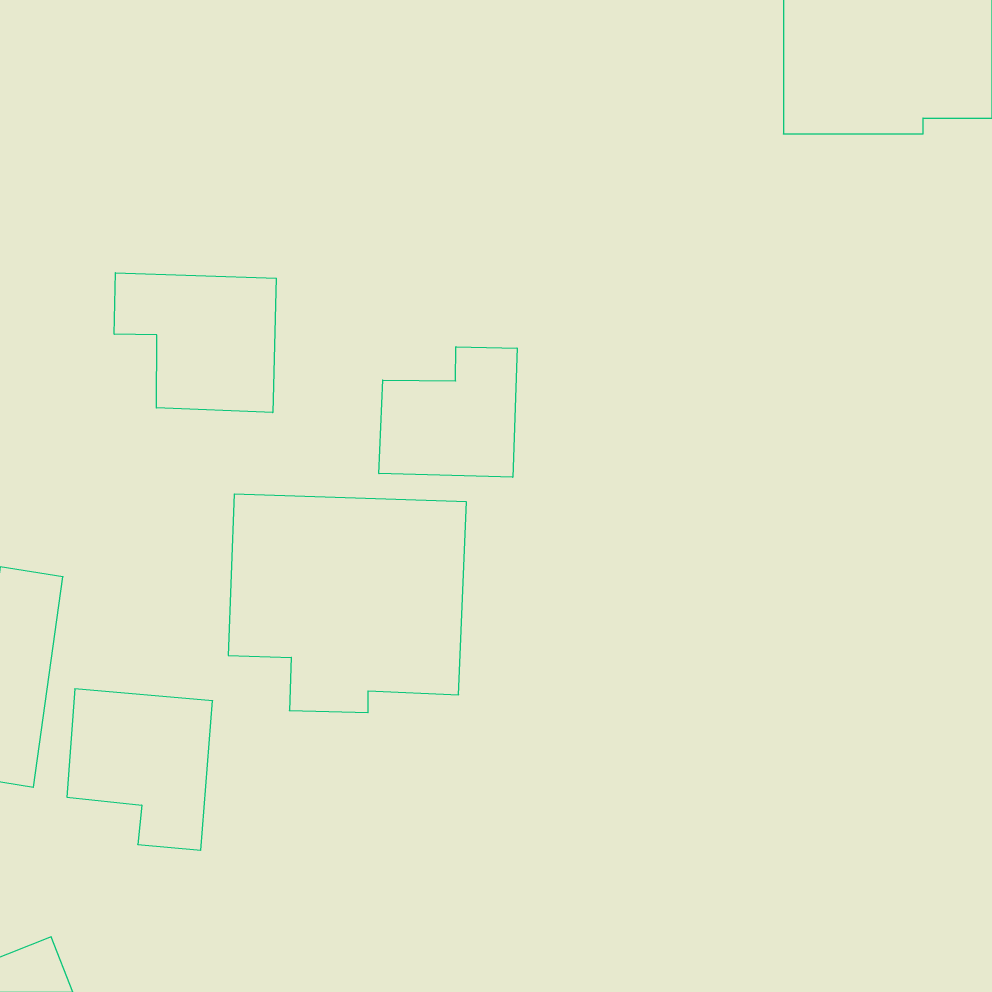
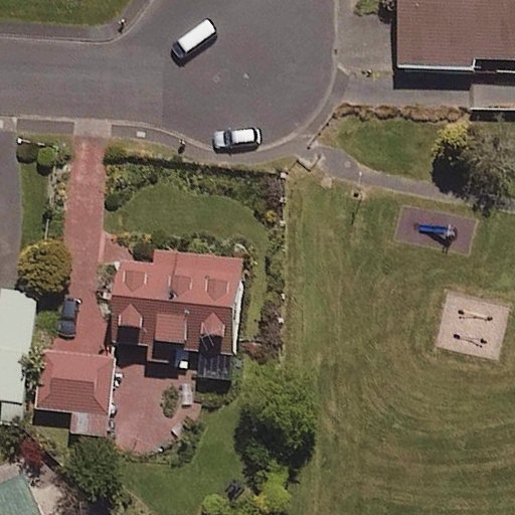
building: [114,273,276,413] -> none
building: [379,347,517,477] -> none

